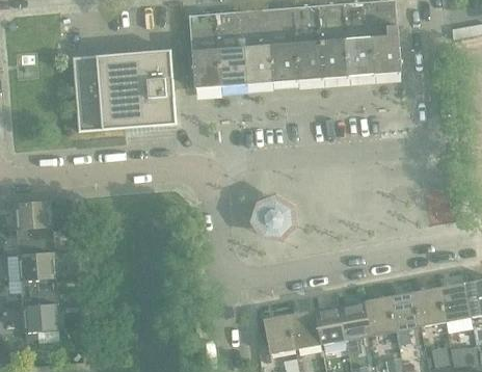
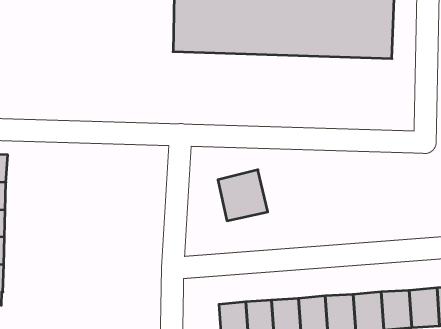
building: [72,49,176,132] -> none

